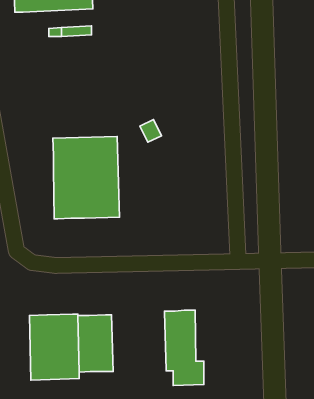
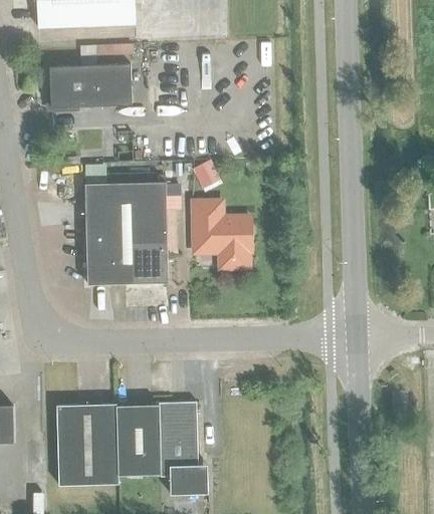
building: none -> [50,63,133,107]
building: none -> [194,201,251,267]
building: [164,310,204,385] -> [159,401,208,494]

